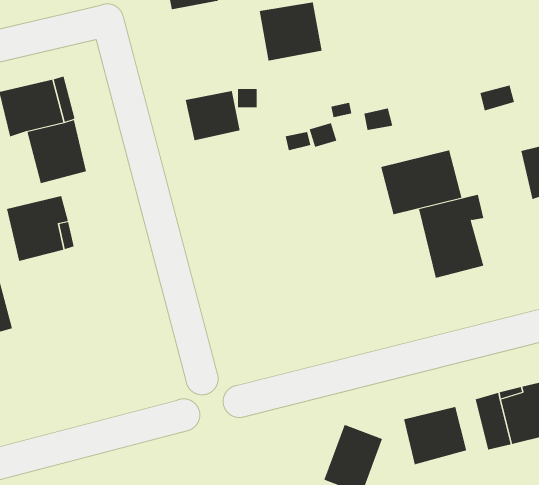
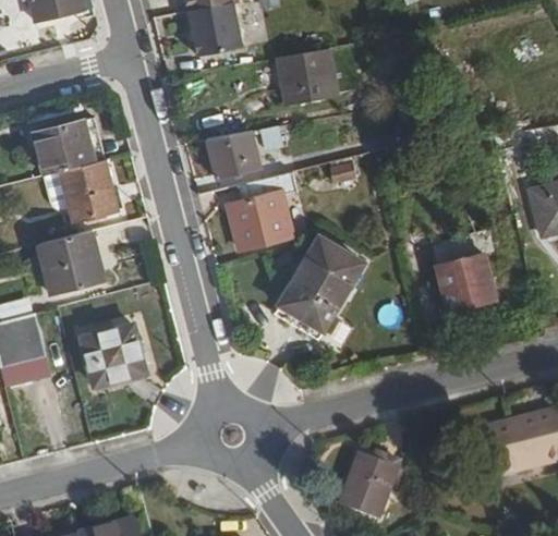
building: none -> [230,171,296,248]
building: [381,150,462,215] -> none
building: none -> [274,235,363,338]
building: none -> [82,326,144,386]
building: [403,406,467,465] -> none

